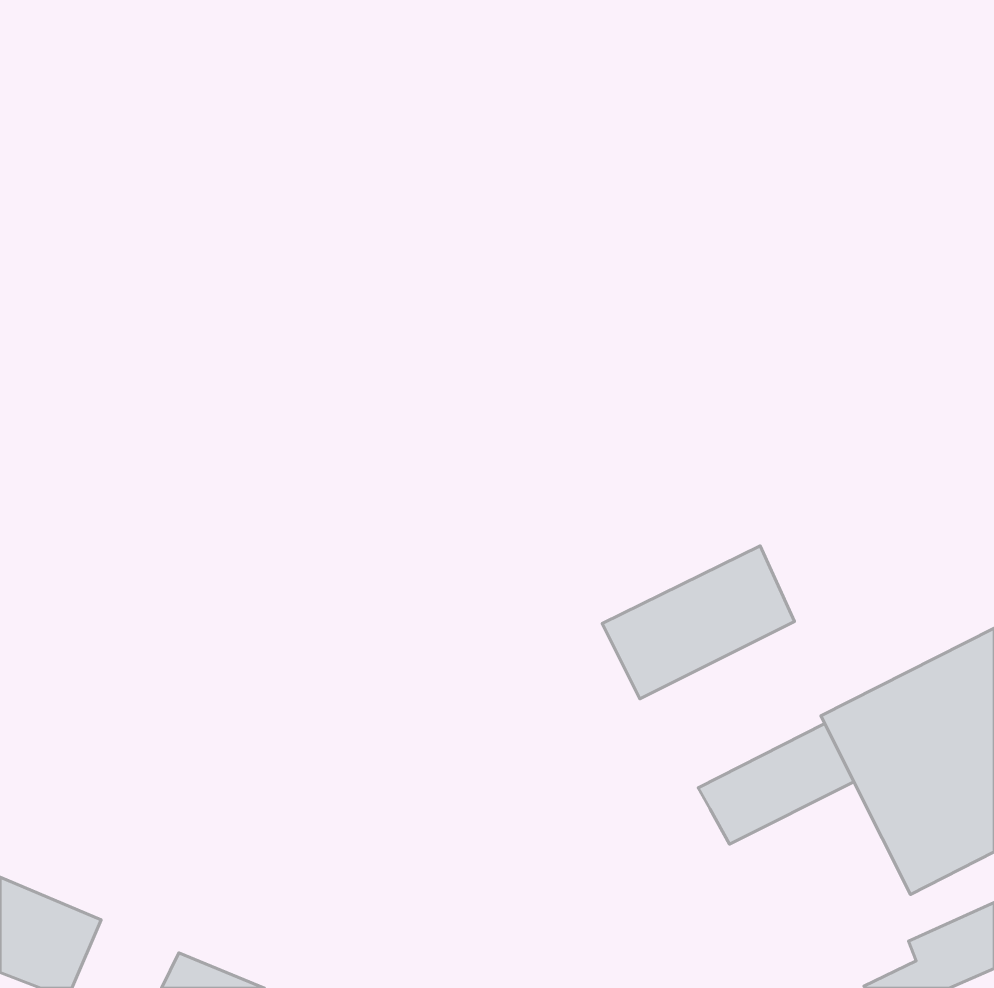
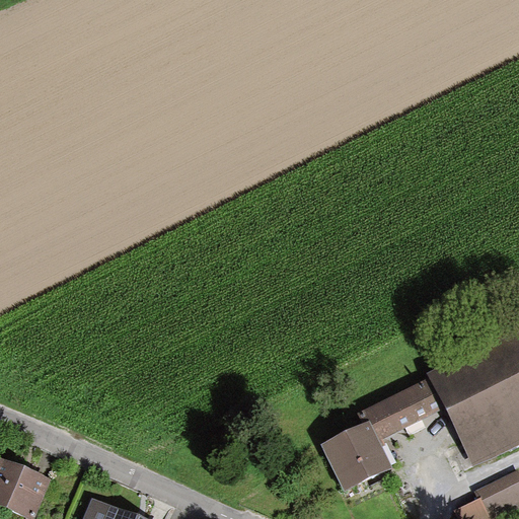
building: [602,546,794,699] -> none
building: none -> [322,422,393,493]

